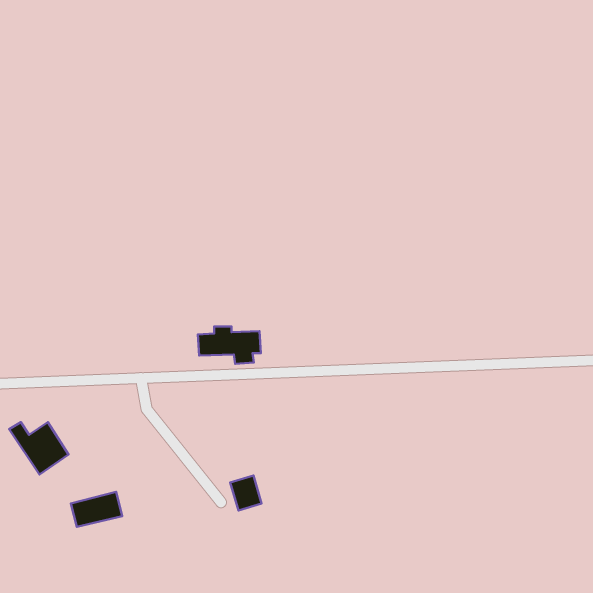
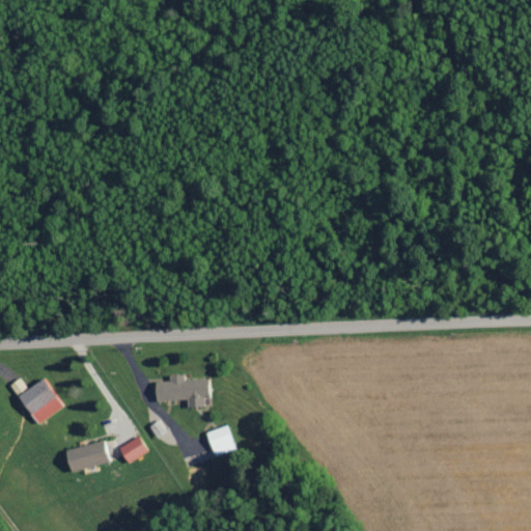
building: [198,327,261,364] -> [155,374,211,408]
building: none -> [119,437,147,463]

